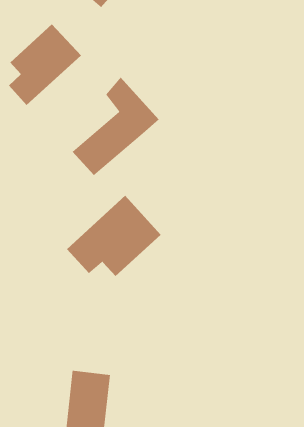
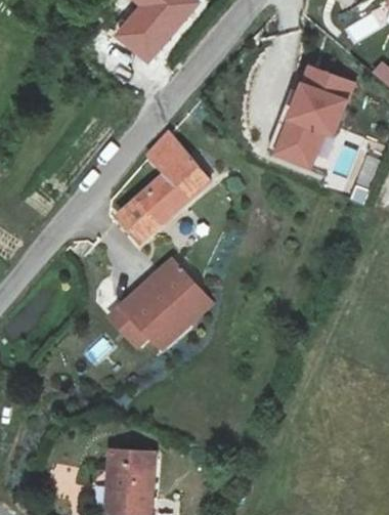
building: none -> [273,66,352,168]
building: [8,24,82,106] -> none

